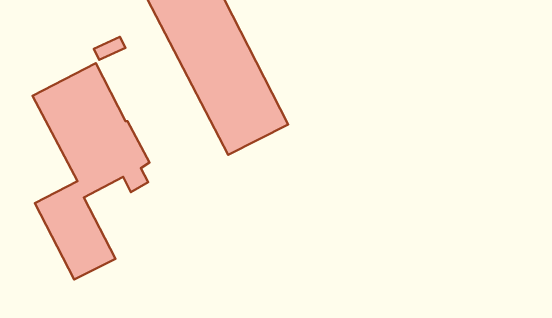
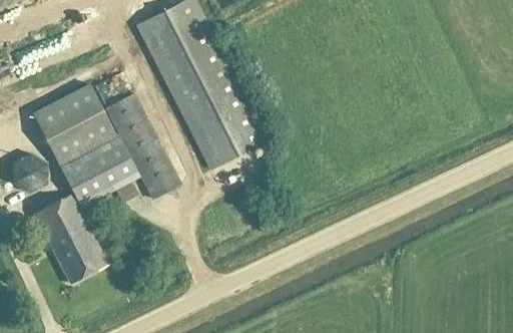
building: none -> [104,92,181,200]
building: none -> [11,152,46,194]

